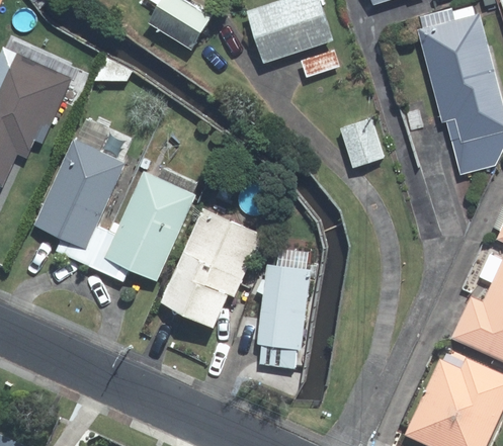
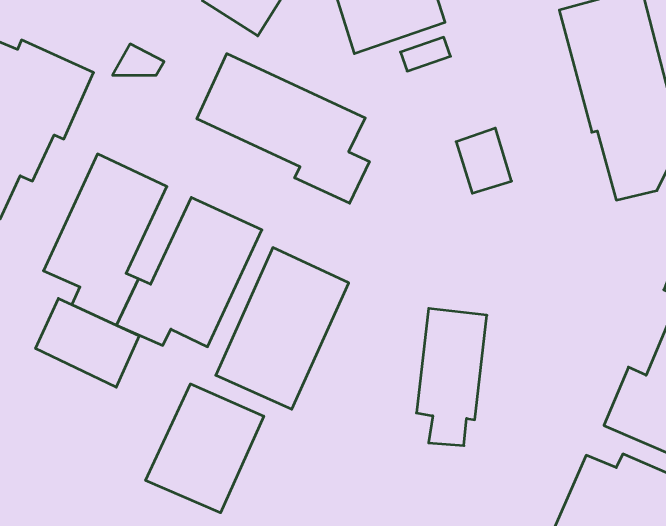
building: none -> [197,54,369,203]
building: none -> [36,298,139,387]
building: [258,265,311,367] -> [416,308,487,446]
building: none -> [146,384,264,513]

